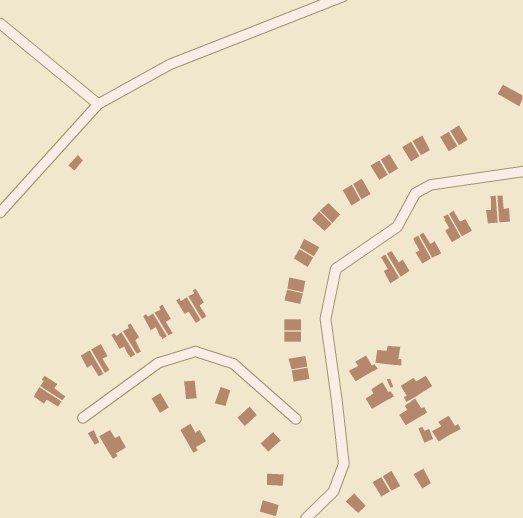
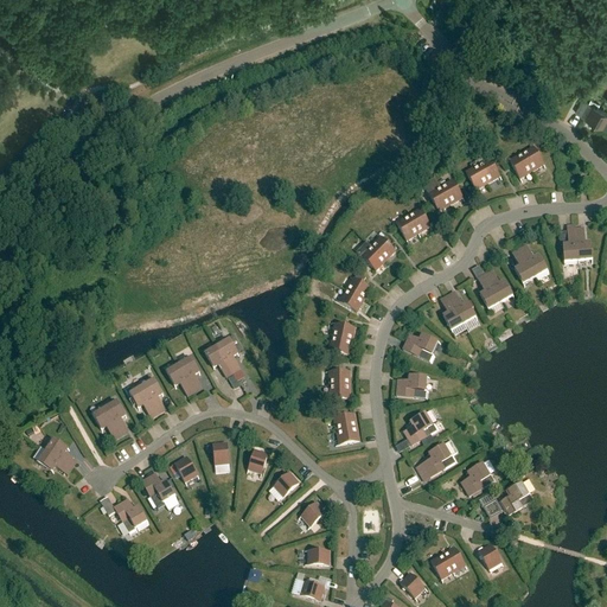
building: none -> [403,333,437,360]
building: [375,345,402,366] -> [396,373,428,397]
building: [400,375,433,403] -> none
building: [179,423,207,453] -> [142,472,174,507]

